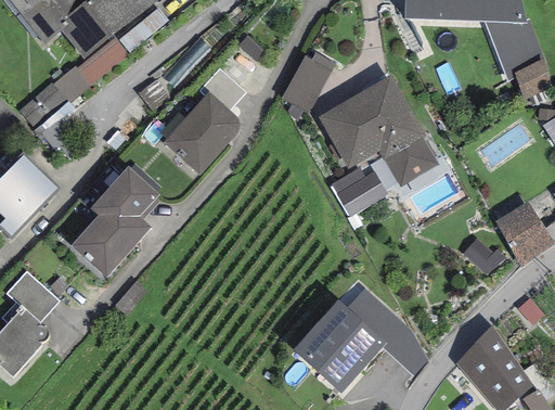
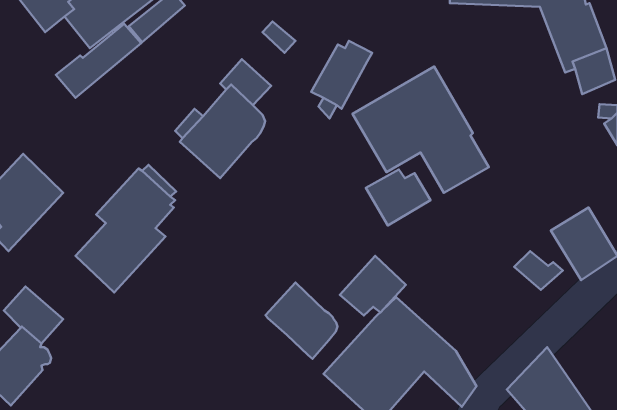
building: [18,81,74,138] -> none
building: none -> [340,256,406,315]
building: none -> [266,283,337,359]

